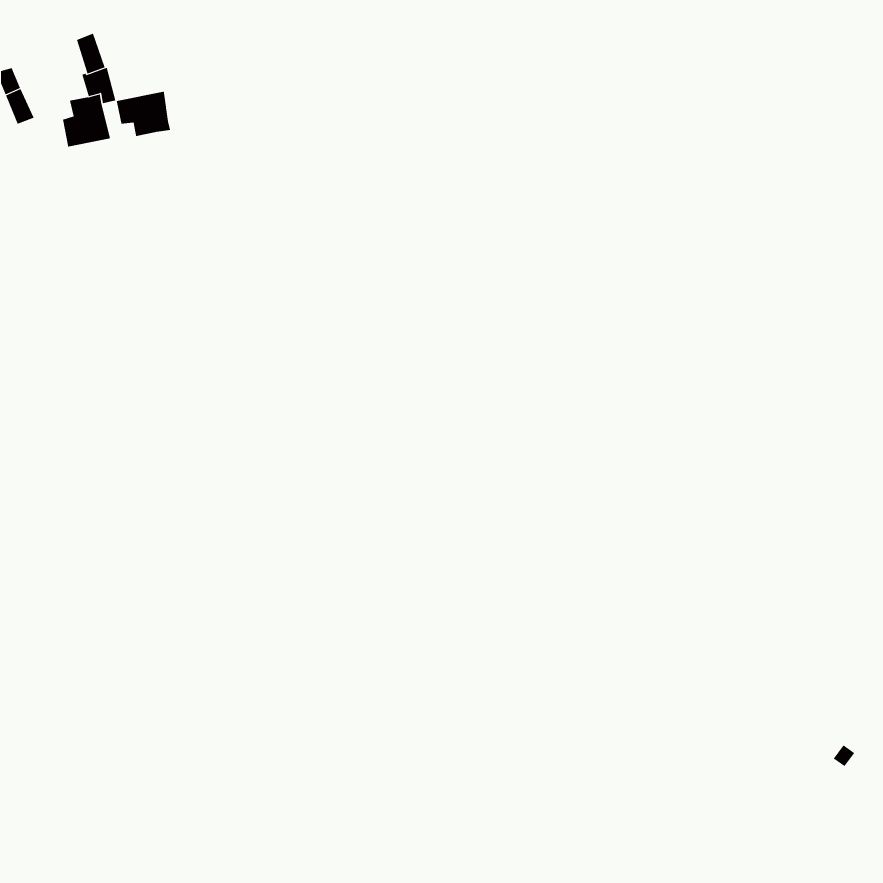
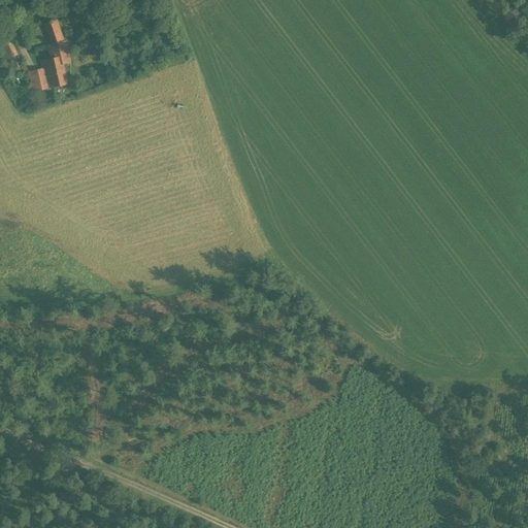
building: [116,91,171,137] -> none

